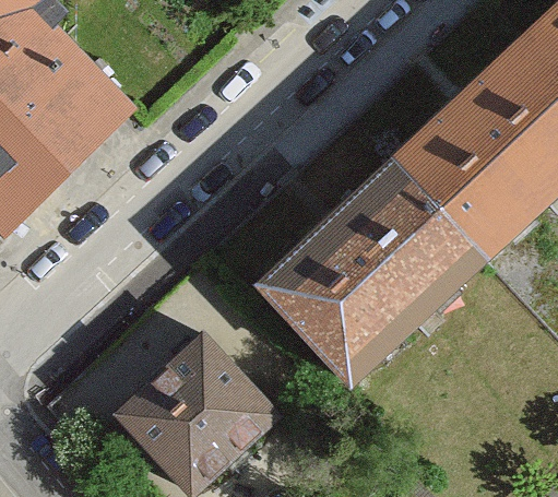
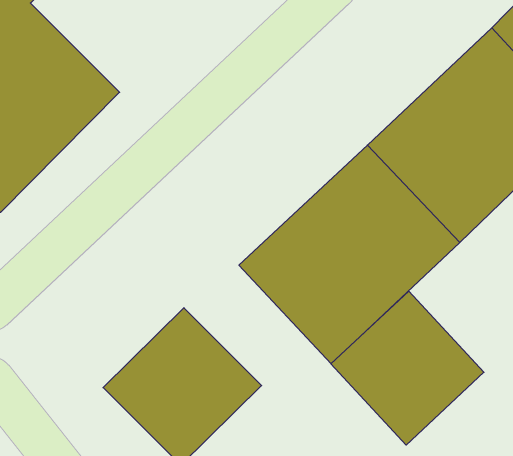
building: none -> [331,291,484,445]

